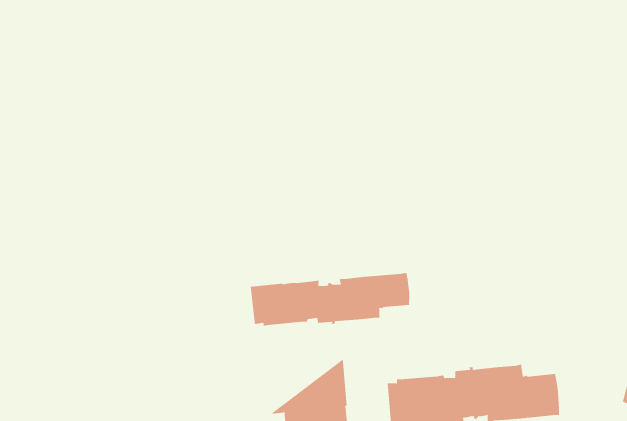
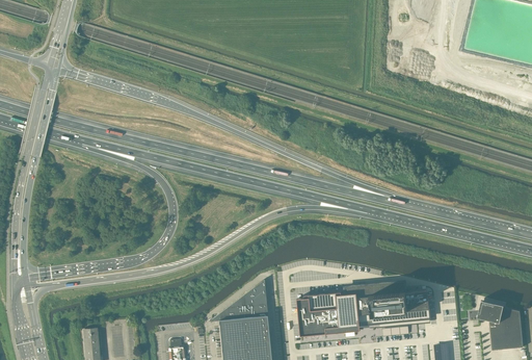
building: [250,272,410,327] -> none

